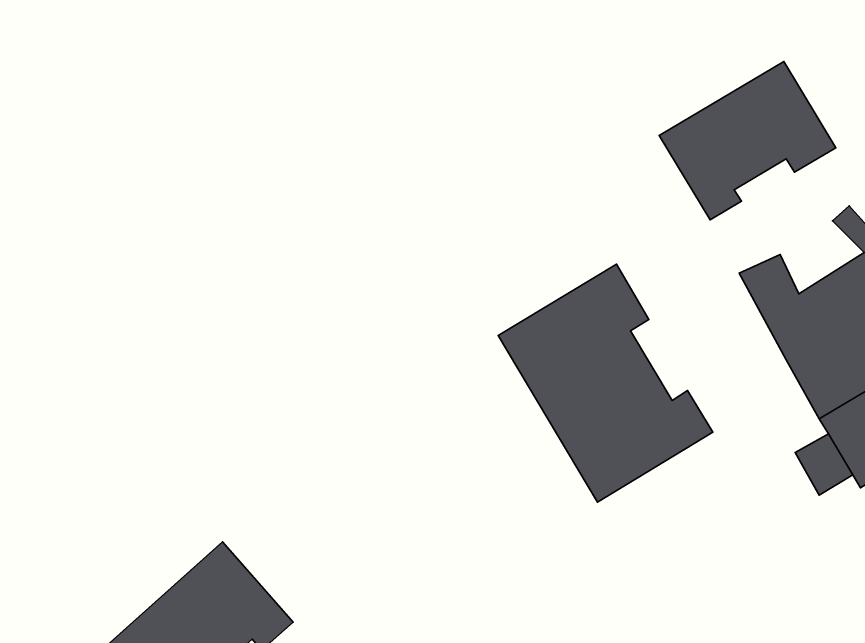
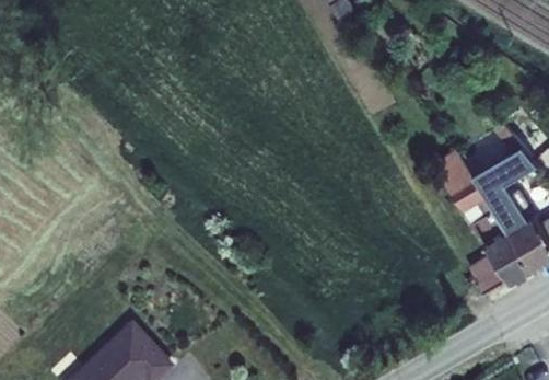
building: [659,61,836,220] -> none
building: [498,264,713,502] -> none

